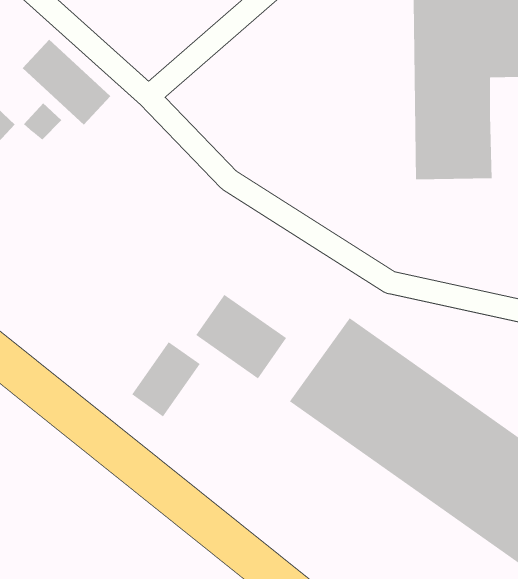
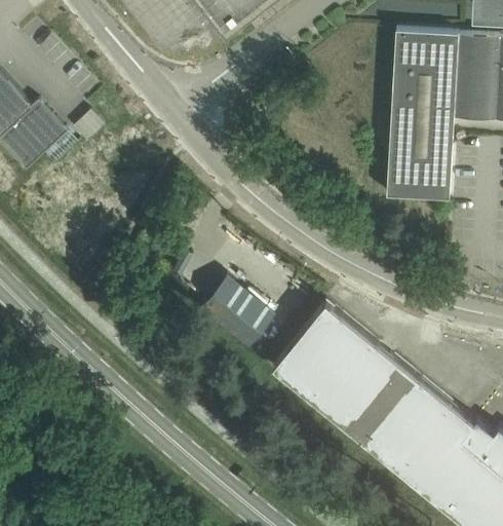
building: [22,39,111,126] -> none
building: [131,341,201,417] -> none

